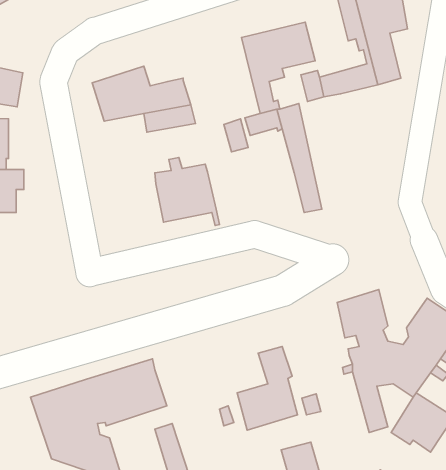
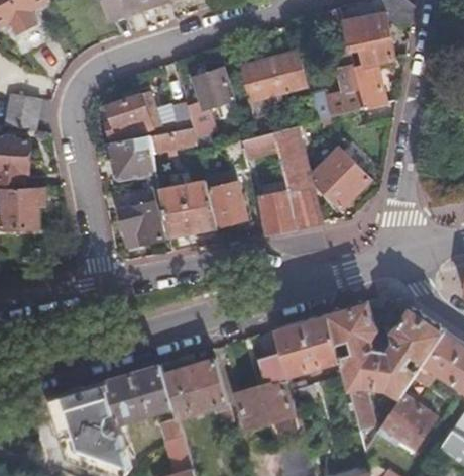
building: none -> [188,69,234,152]
building: none -> [112,137,157,181]
building: none -> [313,151,371,210]
building: none -> [210,178,247,225]
building: none -> [115,188,164,250]
building: none -> [260,192,299,234]
building: none -> [271,311,340,391]
building: none -> [161,357,228,418]

